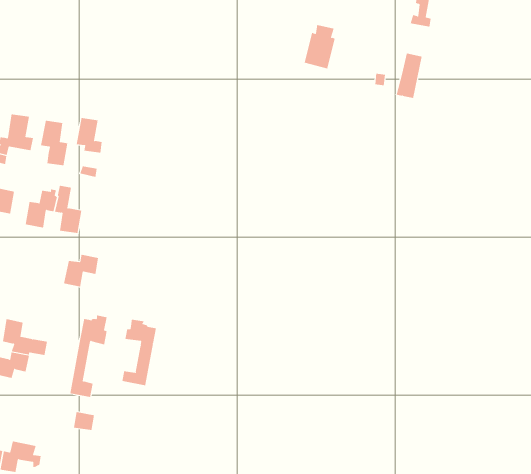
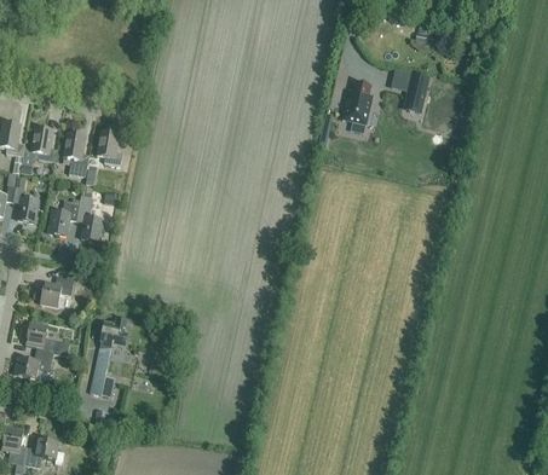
building: [304,25,336,69] -> [342,81,373,123]
building: [63,254,99,287] -> [40,274,74,306]
building: [122,319,156,386] -> none

